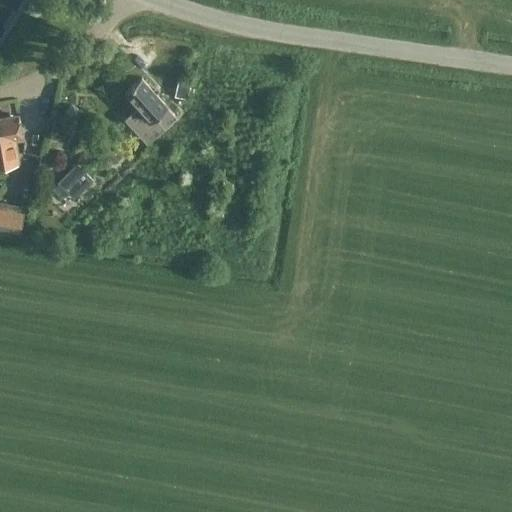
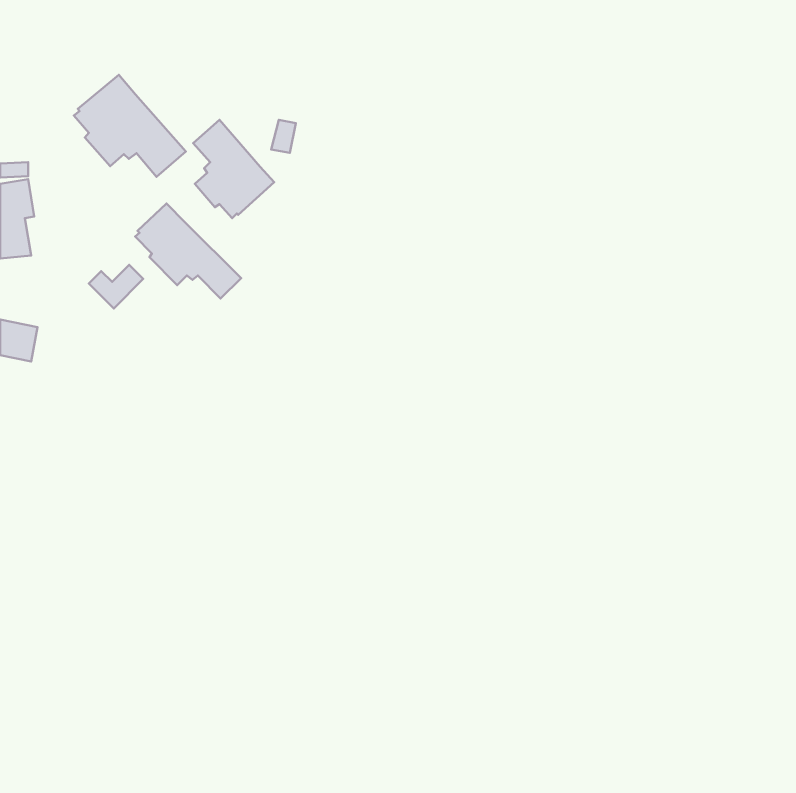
building: none -> [74,75,186,177]
building: none -> [135,204,241,299]

